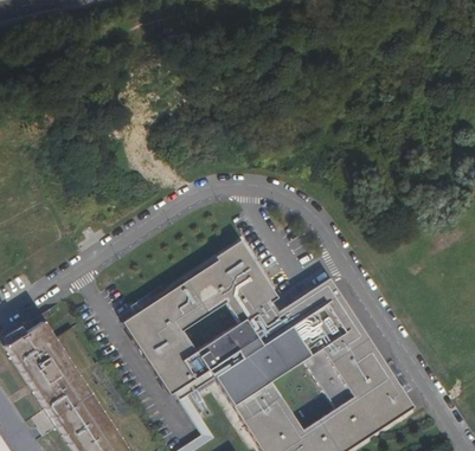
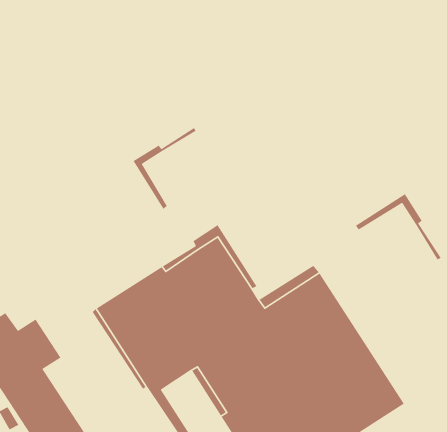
building: none -> [132,127,197,210]
building: none -> [355,193,442,261]

